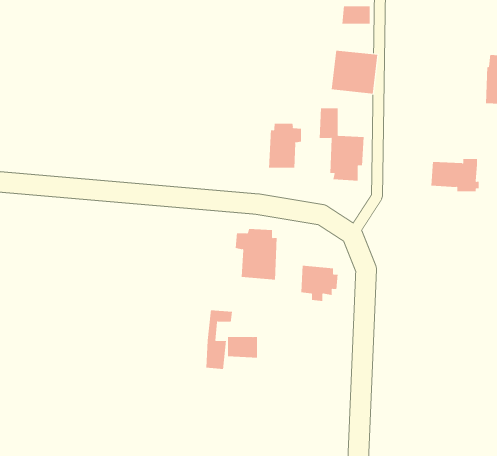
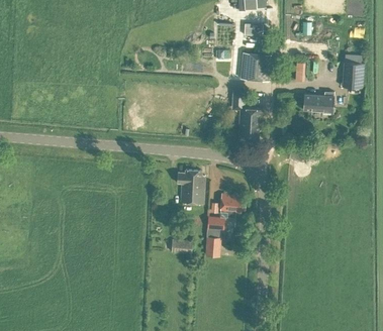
building: [268,123,302,168] -> none
building: [431,158,479,192] -> [302,92,334,114]
building: [205,310,233,369] -> [205,217,223,256]

